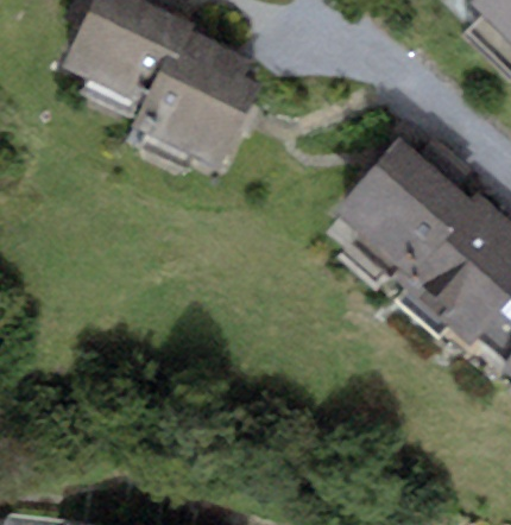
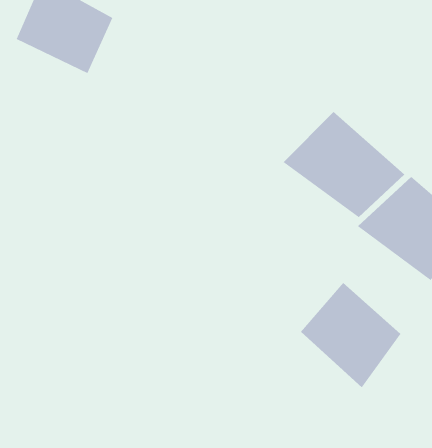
building: [152,69,251,151] -> none
building: none -> [300,282,401,388]

